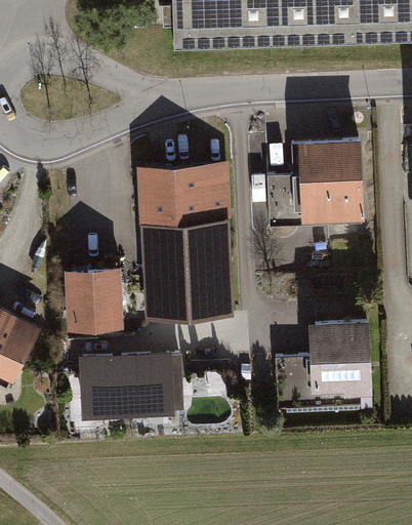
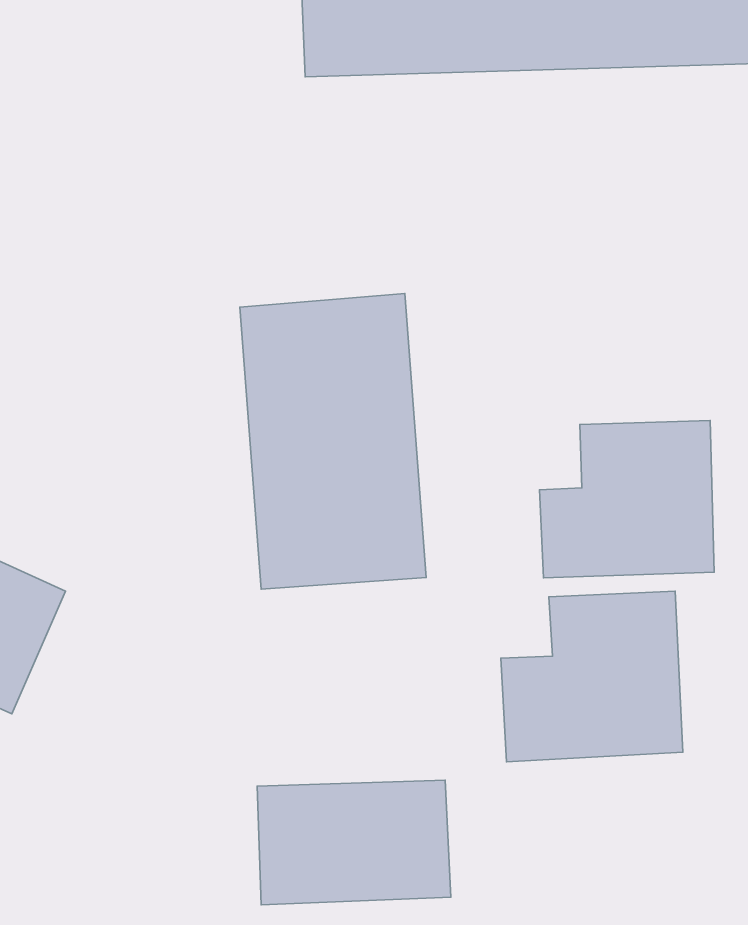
building: [272,138,365,223] -> [540,421,714,578]
building: [63,264,122,330] -> none
building: [77,351,180,417] -> [257,780,451,905]

